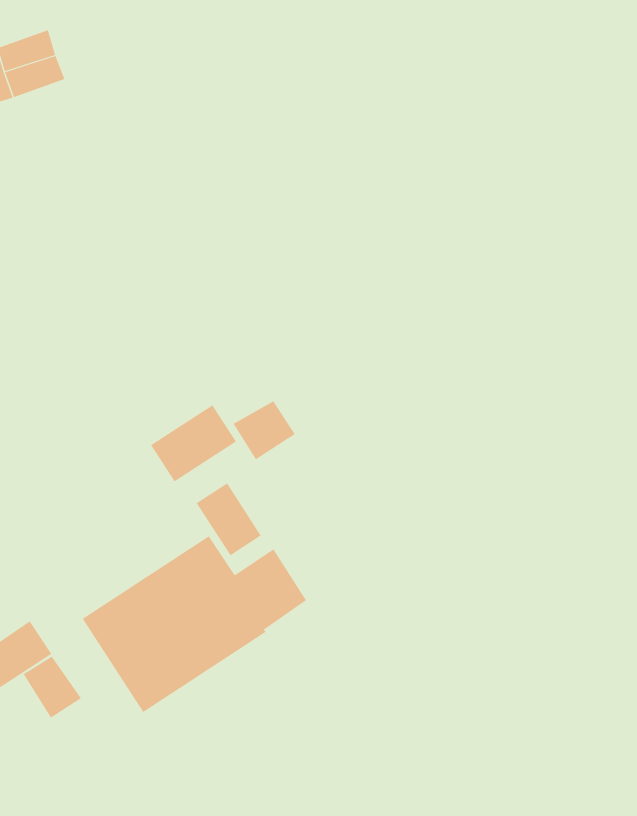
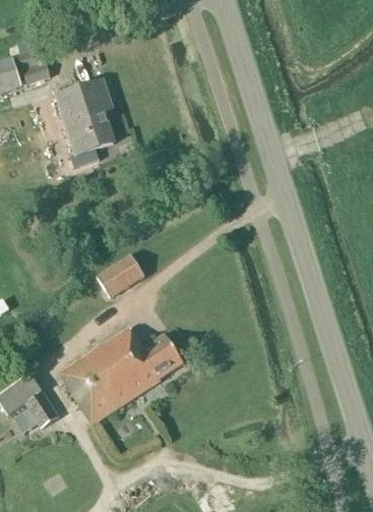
building: none -> [55,79,114,166]
building: [233,401,295,460] -> none
building: [196,483,262,556] -> none

